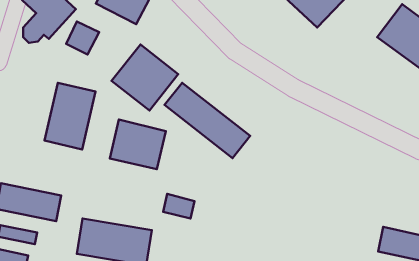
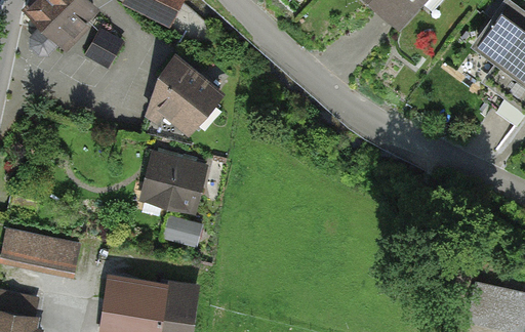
building: [45,83,95,149] -> none
building: [164,83,250,158] -> none
building: [163,194,195,219] -> [163,217,202,248]

